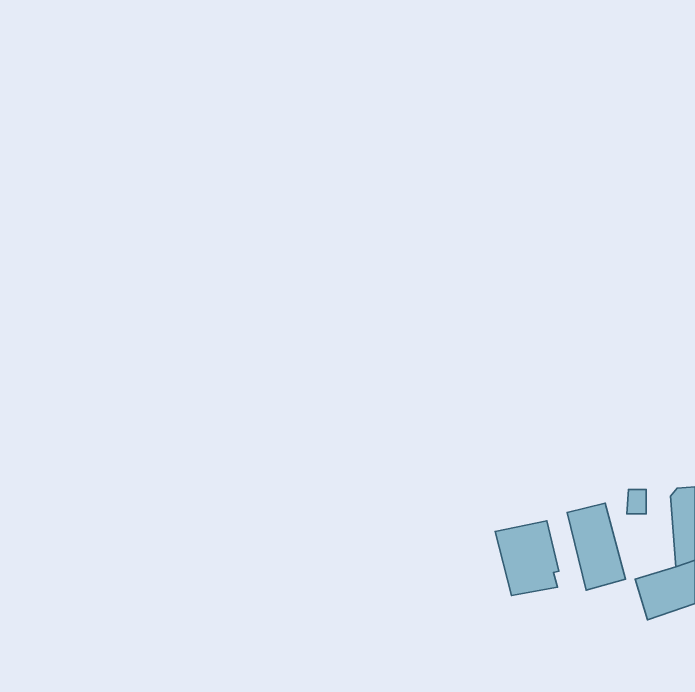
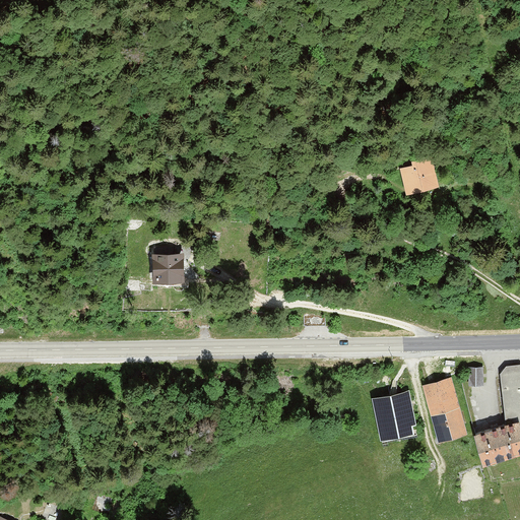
building: none -> [399,157,439,195]
building: none -> [152,254,184,282]

